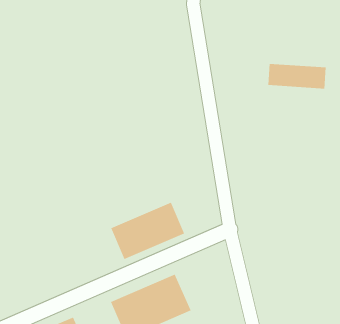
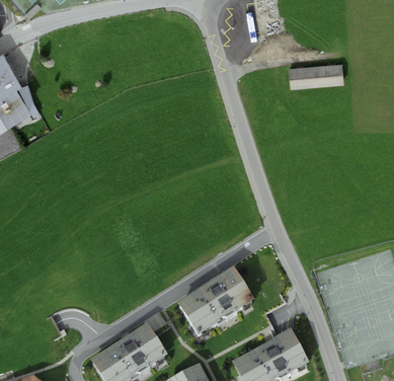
building: [111,202,185,260] -> none

